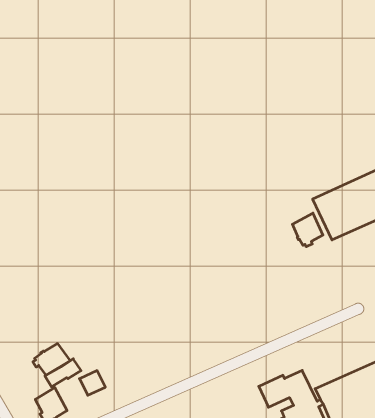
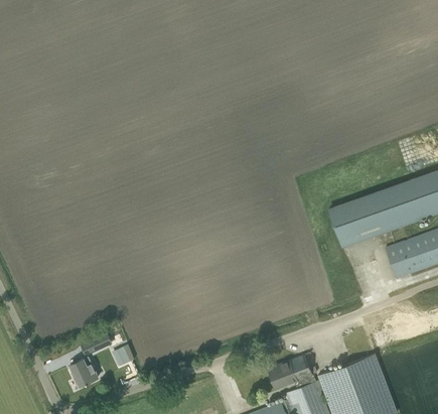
building: [292,213,323,247] -> none
building: [33,344,70,375] -> none

